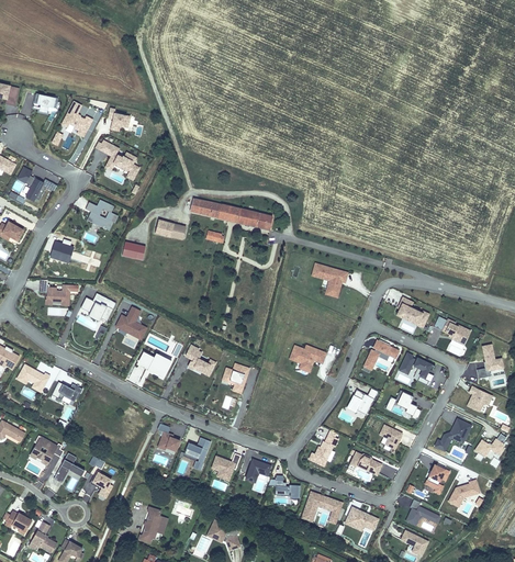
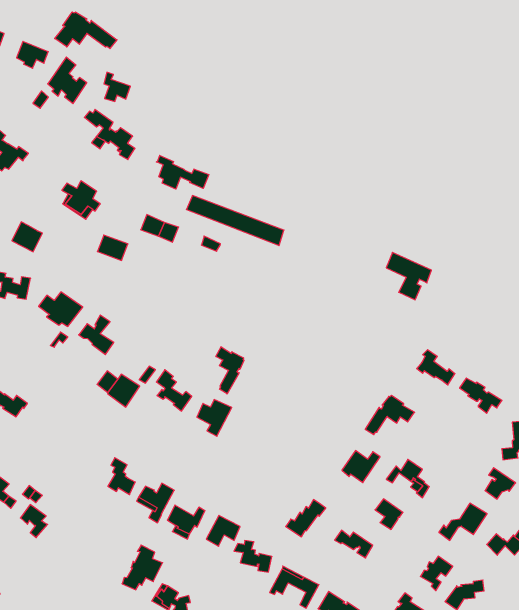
building: none -> [55,12,117,49]
building: none -> [156,155,209,189]
building: [311,262,348,299] -> [386,252,431,300]
building: none -> [216,347,244,394]
building: [290,346,326,371] -> none
building: [400,352,435,385] -> none
building: [138,506,169,543] -> [122,545,163,590]

